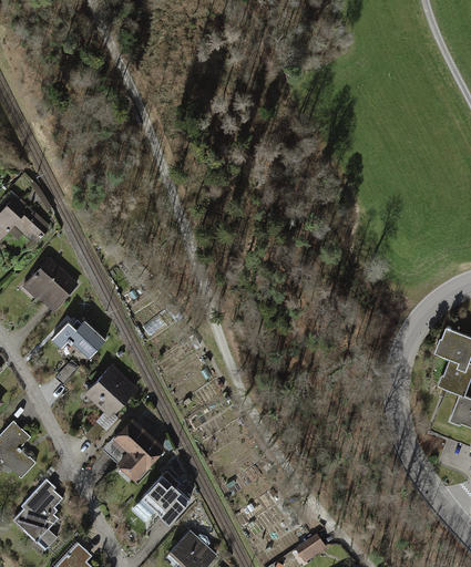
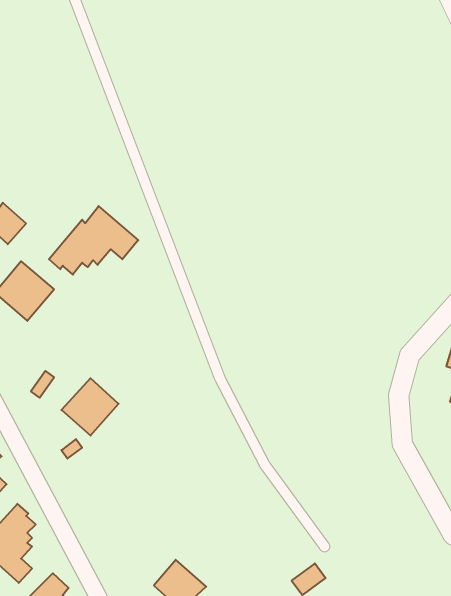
building: none -> [49,206,138,275]
building: [50,322,105,360] -> none
building: [113,419,166,482] -> none
building: [142,475,191,524] -> none

